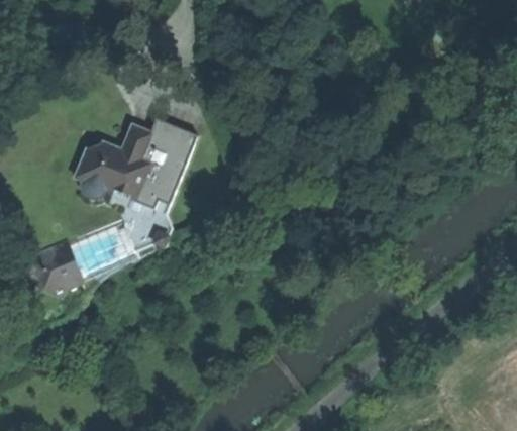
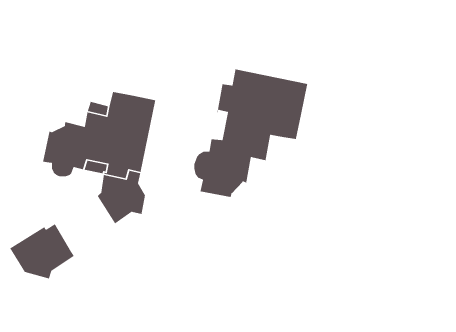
building: none -> [193,68,308,198]

